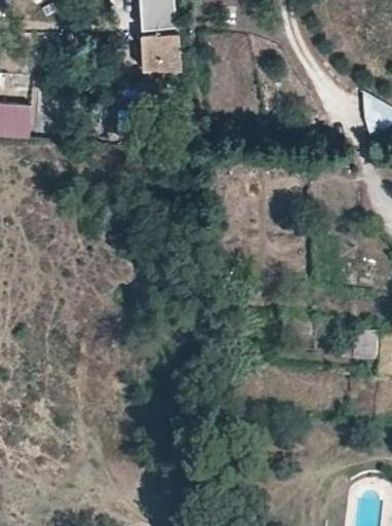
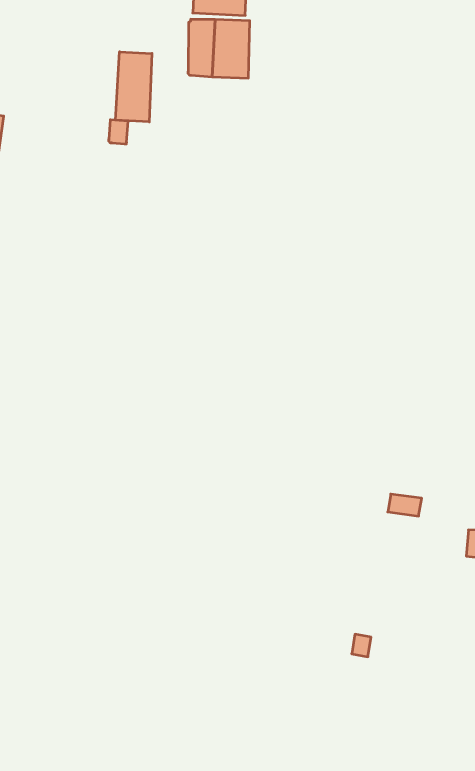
building: none -> [115,52,152,122]

